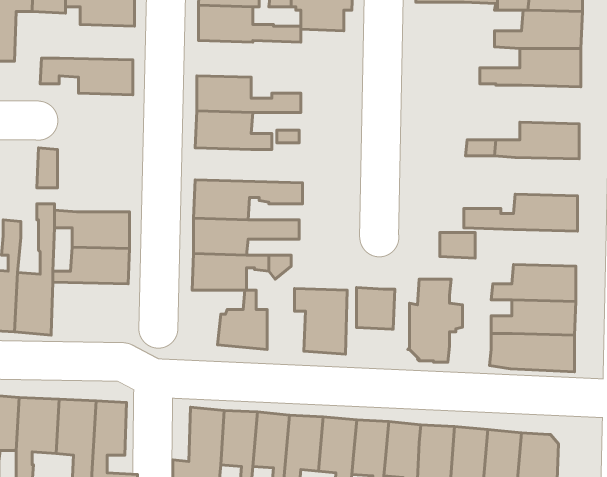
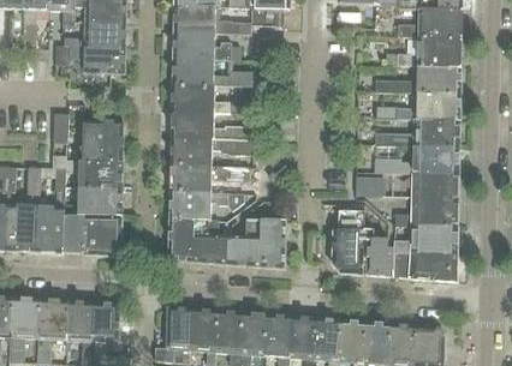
building: none -> [67,20,125,47]
building: none -> [172,32,230,60]
building: none -> [373,66,460,95]
building: none -> [171,113,252,139]
building: none -> [82,120,123,161]
building: none -> [373,120,459,149]
building: none -> [410,174,458,202]
building: none -> [62,214,120,256]
building: [356,288,395,329] -> [225,234,254,265]
building: none -> [167,220,208,260]
building: none -> [365,239,393,276]

